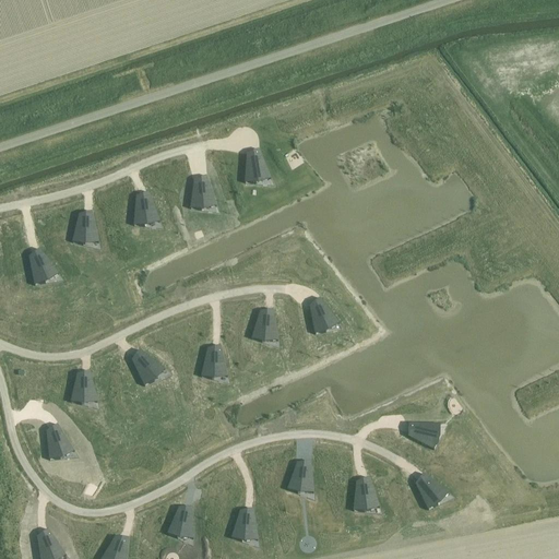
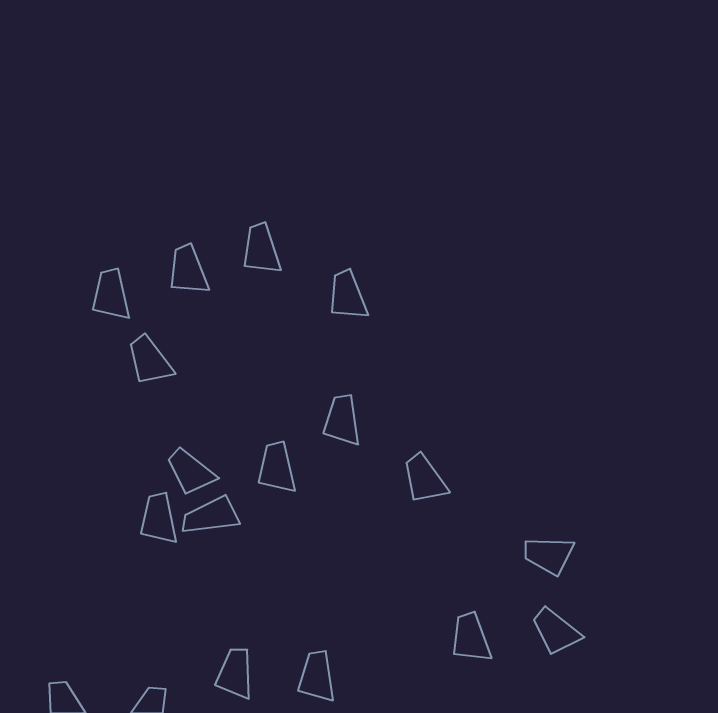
building: [245,146,273,182] -> [332,269,368,315]
building: [28,246,63,283] -> [131,333,176,381]
building: [309,295,343,332] -> [406,452,450,499]
building: [71,368,98,406] -> [141,493,176,542]
building: none -> [183,495,240,531]
building: [46,421,78,457] -> none
building: [287,459,314,497] -> none

